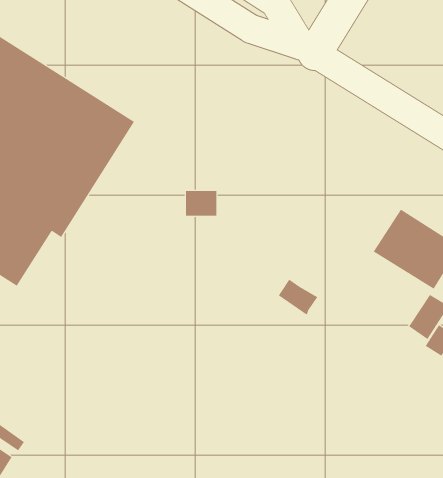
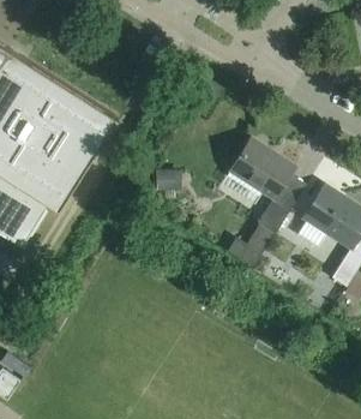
building: none -> [230,139,295,235]

